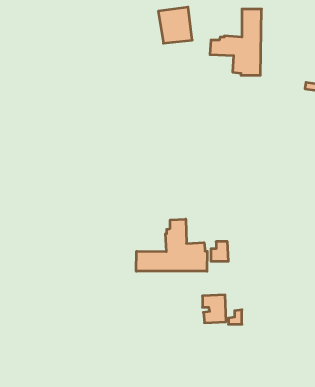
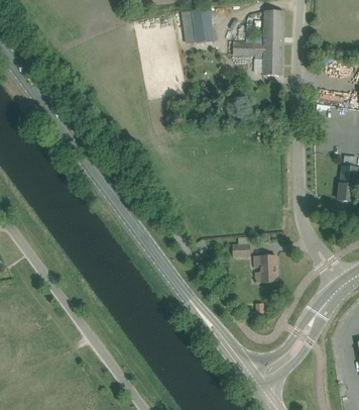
building: [136,219,207,271] -> none
building: [202,295,226,323] -> [254,254,277,282]

